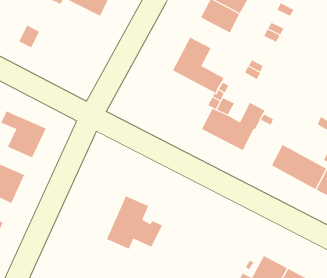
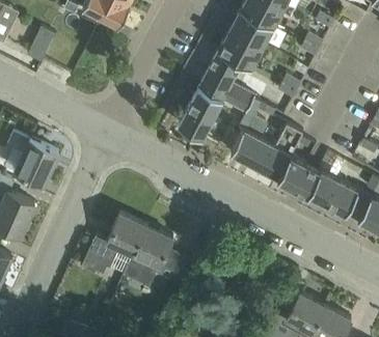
building: none -> [219,28,264,67]
building: none -> [180,87,223,137]
building: none -> [278,152,322,193]
building: none -> [82,214,147,275]

